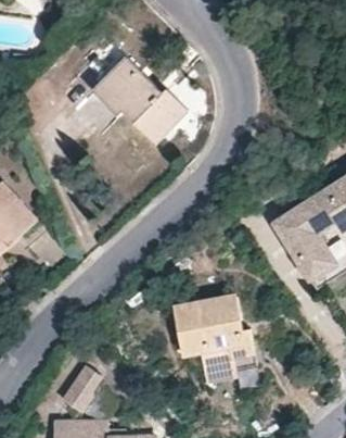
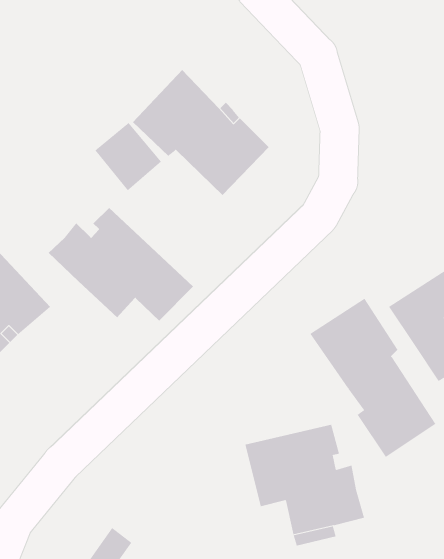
building: none -> [48,207,194,321]
building: none -> [309,298,436,458]

